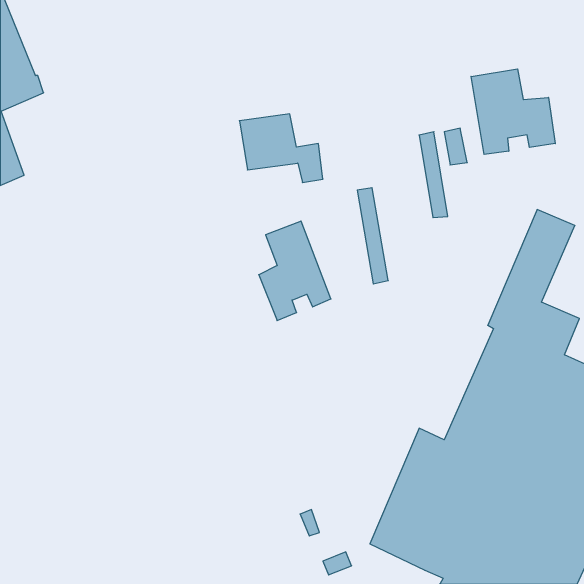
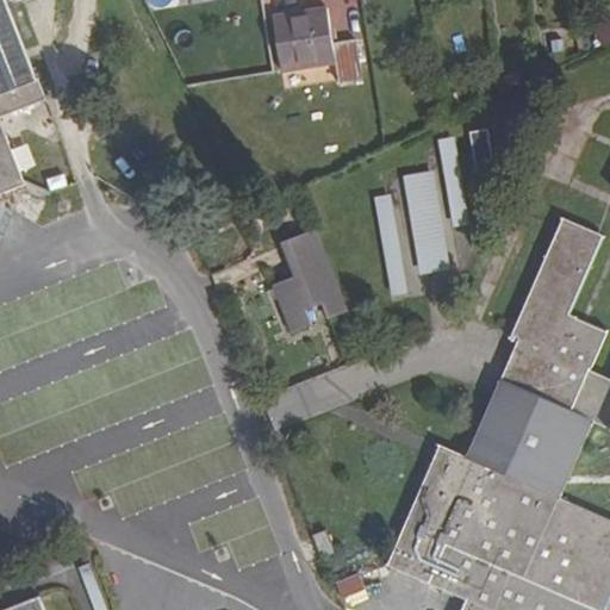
building: [471,69,555,154] -> none
building: [239,114,323,183] -> [272,12,359,83]
building: none -> [400,173,447,274]

